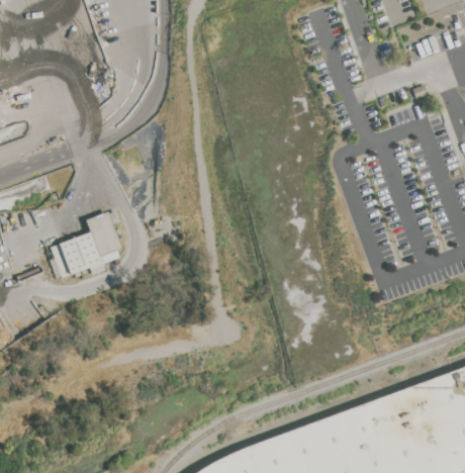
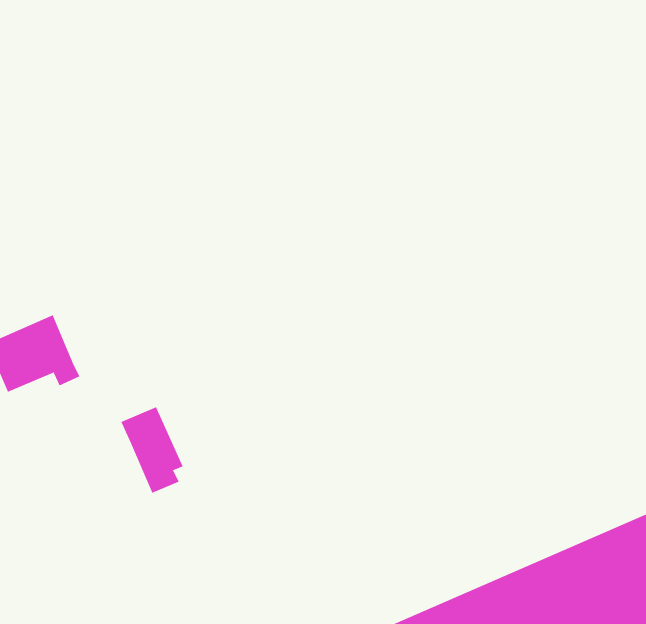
building: [88,211,124,264] -> [121,406,184,494]

